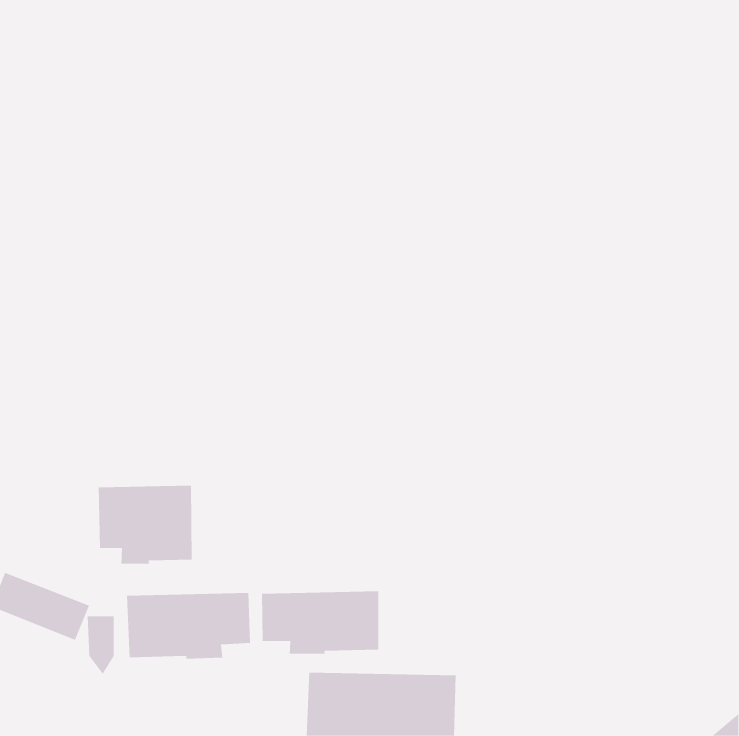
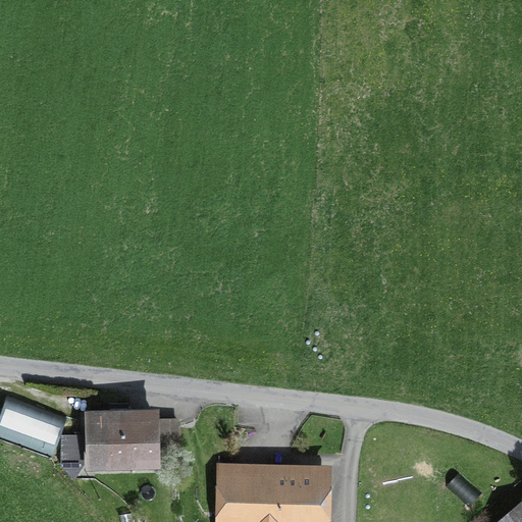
building: [98,485,192,565] -> none
building: [261,590,379,655] -> none

